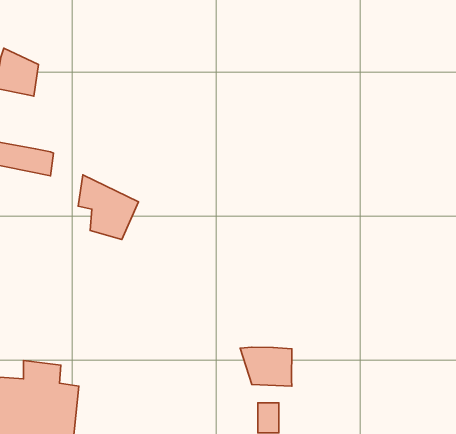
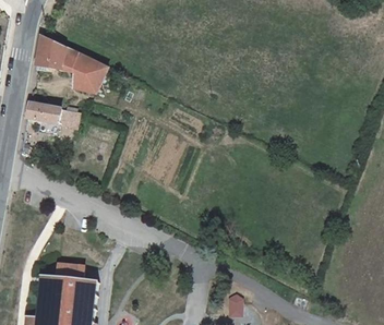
building: [78,175,138,239] -> [63,47,107,94]
building: [240,347,292,386] -> none

